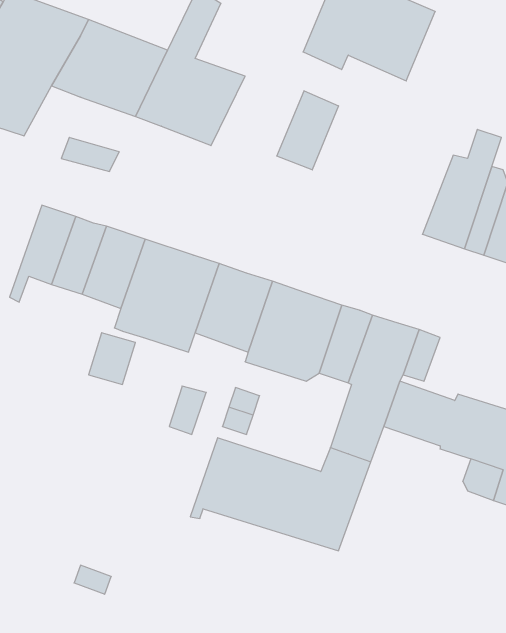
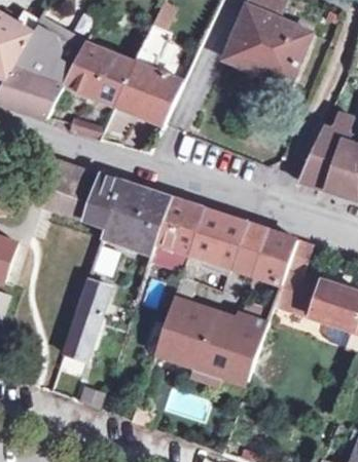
building: [277,91,338,170] -> none
building: none -> [64,280,112,361]

